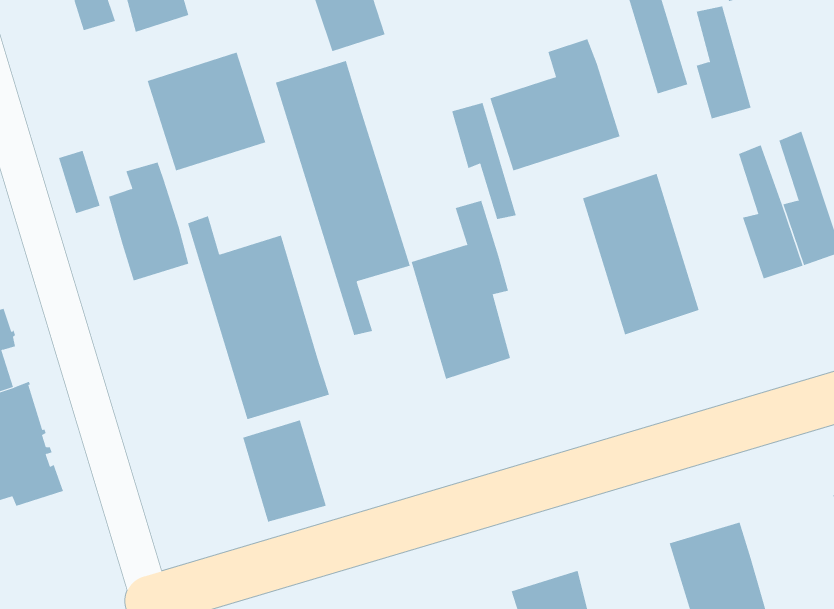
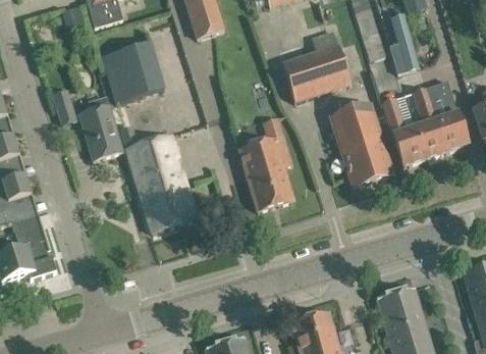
building: [275,60,410,336] -> none
building: [452,102,516,220] -> none
building: none -> [382,98,426,166]
building: [243,420,327,522] -> none

